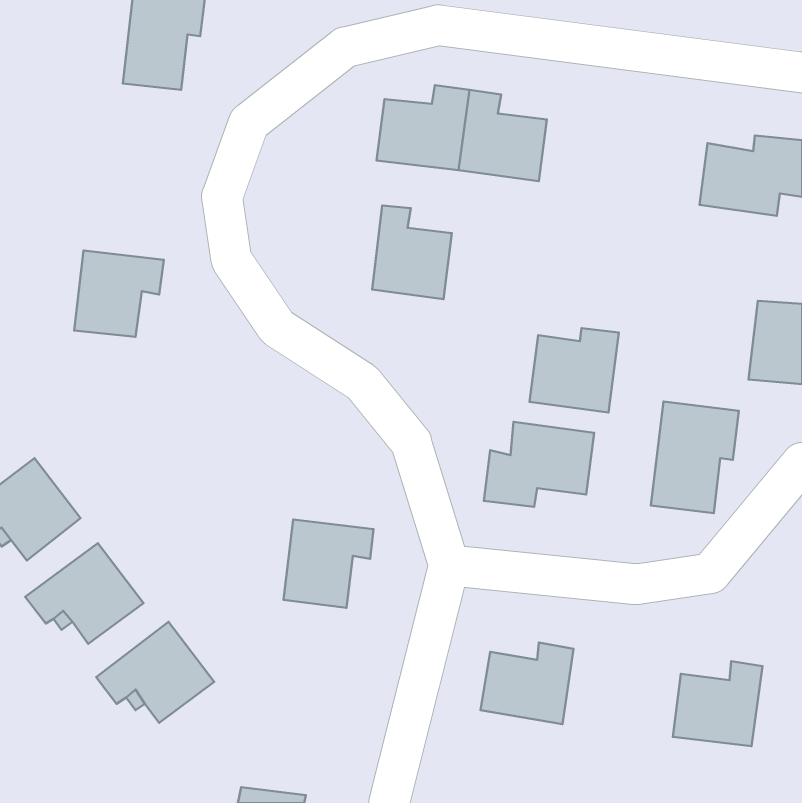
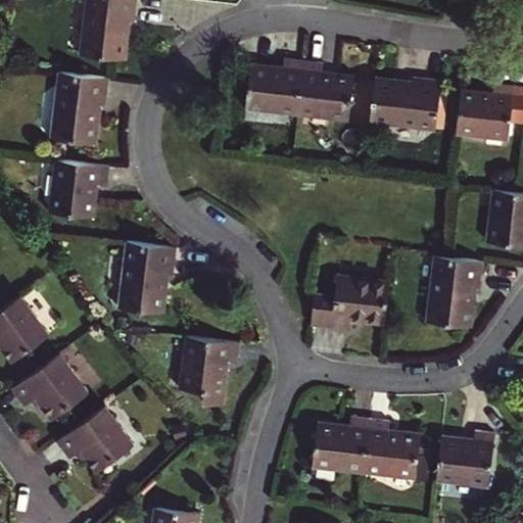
building: none -> [49,74,105,143]
building: none -> [369,80,441,131]
building: [372,205,452,299] -> none
building: [530,328,619,412] -> none
building: none -> [132,243,189,313]
building: none -> [365,421,422,477]

